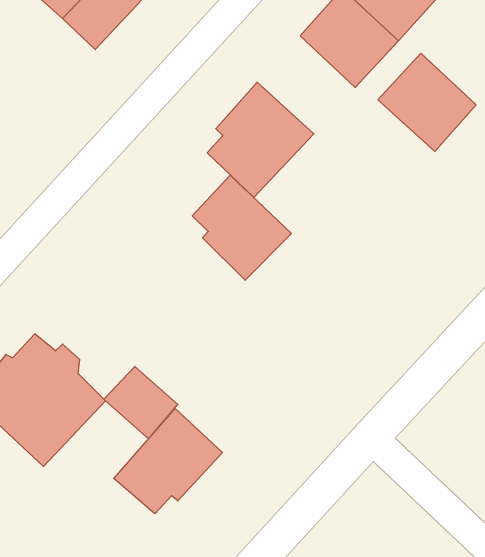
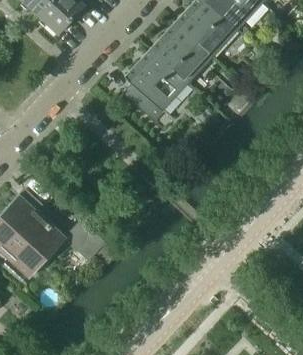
building: [378,53,476,151] -> [151,27,208,84]
building: [192,175,291,280] -> none
building: [114,409,223,514] -> none

